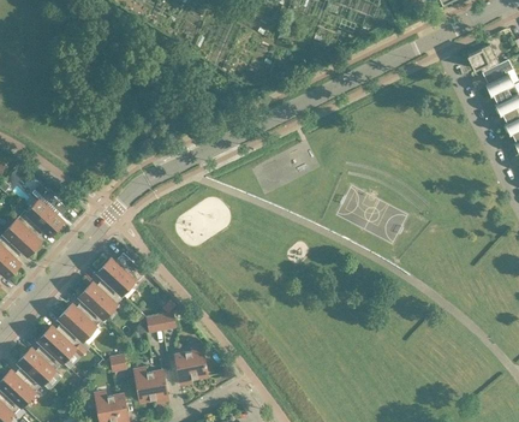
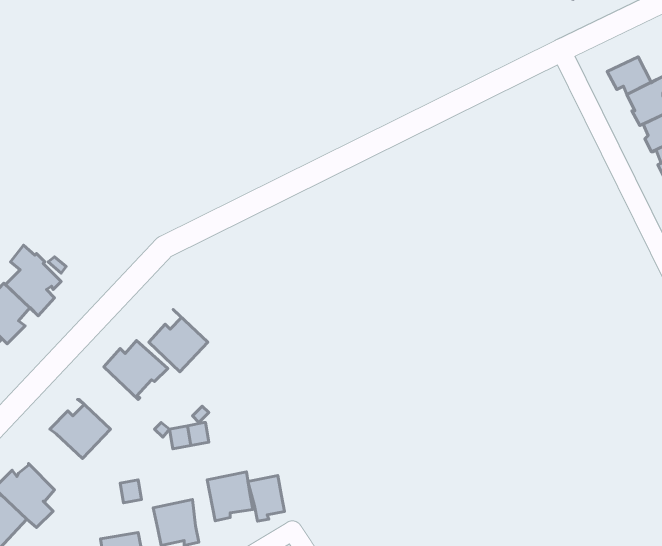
building: [80,272,124,317] -> [149,309,208,372]
building: [38,321,83,362] -> none
building: none -> [248,476,285,521]

